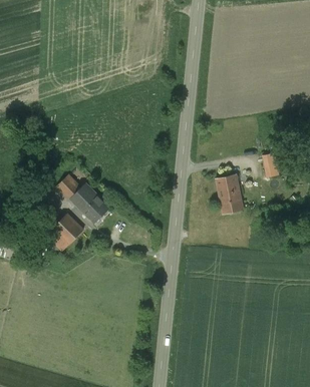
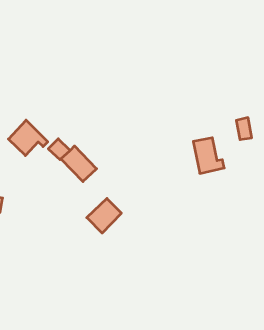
building: none -> [8,120,48,156]
building: [45,214,83,252] -> [87,198,121,233]

